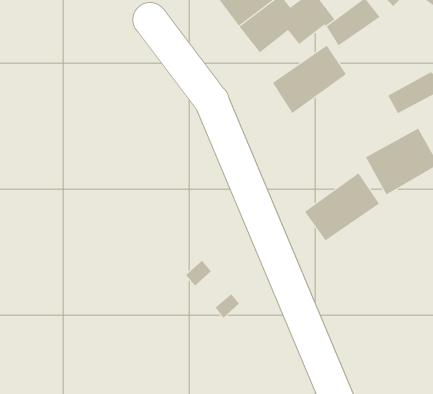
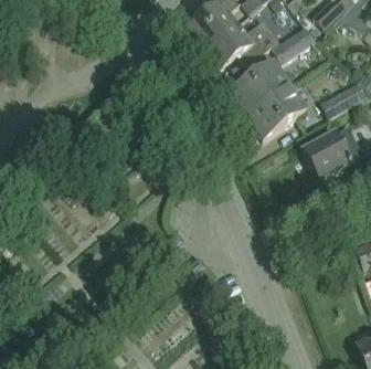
building: [304,172,380,241] -> [245,85,305,139]

